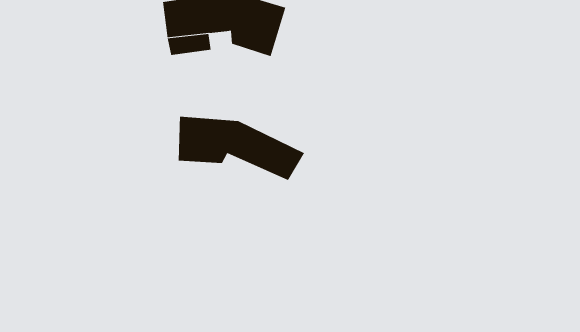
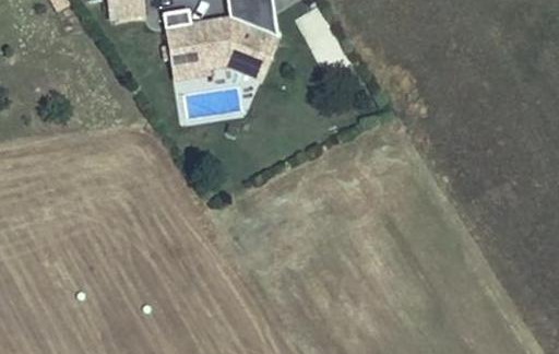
building: [178,116,305,181] -> none

